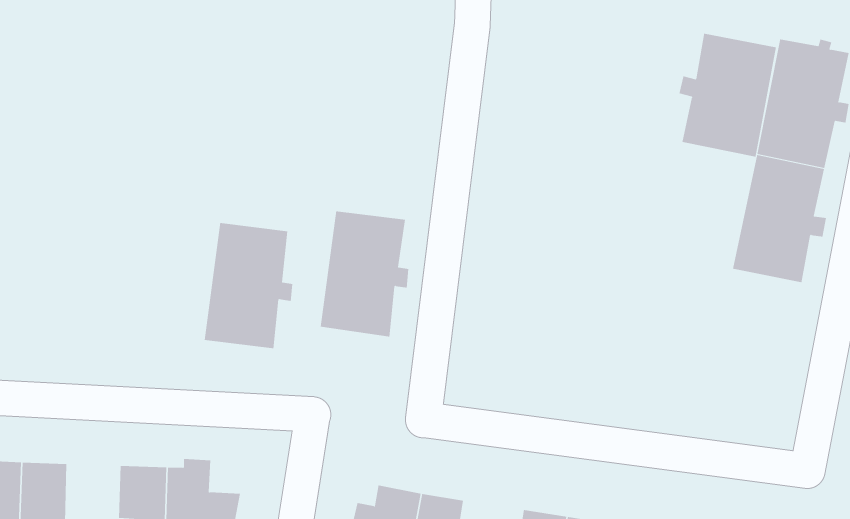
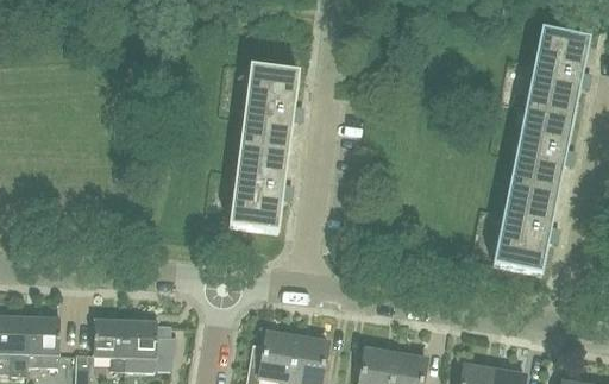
building: [679,33,776,158] -> none
building: [204,222,293,349] -> [240,67,301,152]
building: none -> [494,185,558,273]

